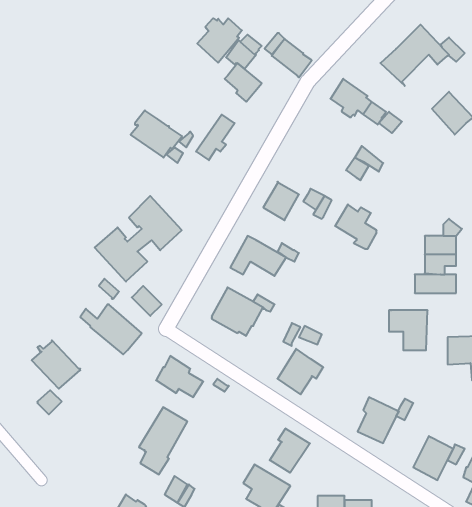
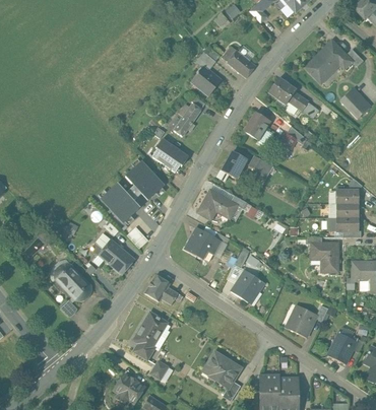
building: [197,18,242,63] -> none
building: [131,110,182,158] -> [152,138,189,172]
building: [335,204,377,249] -> [245,115,274,146]
building: [270,428,310,473] -> none

